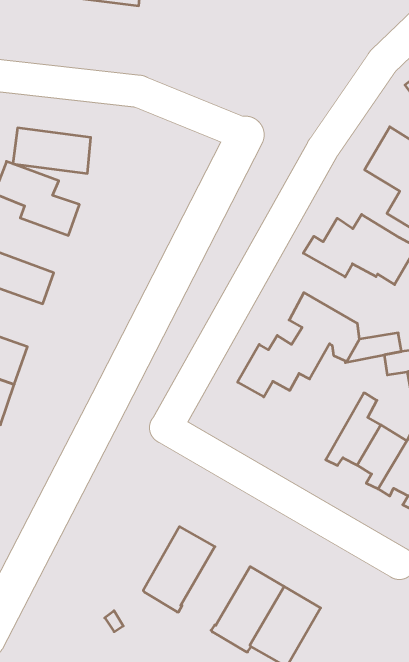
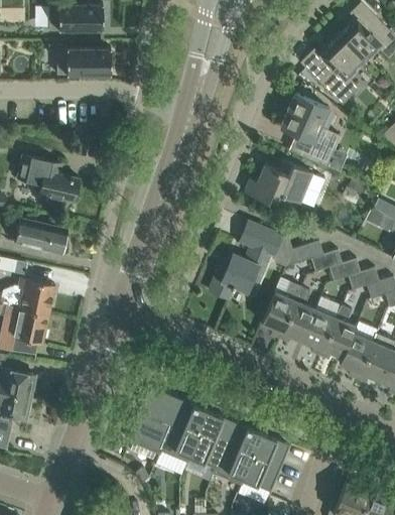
building: [13,128,91,173] -> [56,48,111,75]
building: none -> [261,281,302,339]
building: none -> [129,388,180,454]
building: none -> [188,411,235,468]

